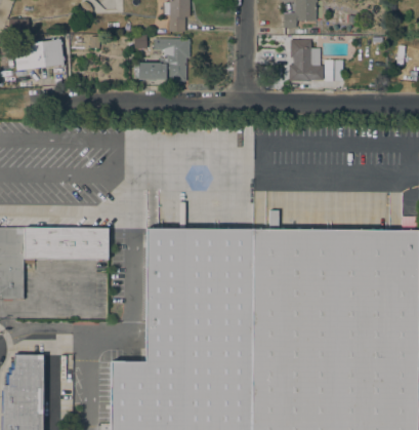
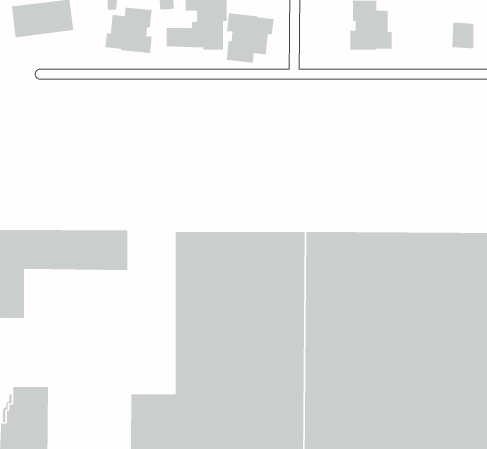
building: none -> [105,7,152,54]
building: none -> [226,13,274,63]
building: [324,60,342,81] -> [451,22,474,49]

